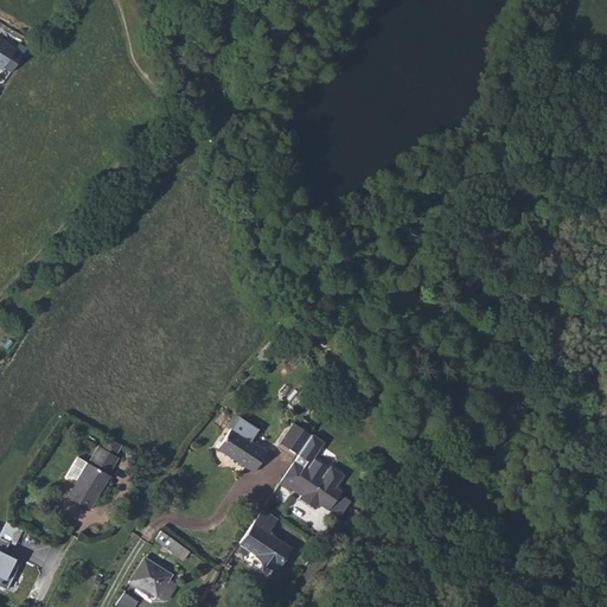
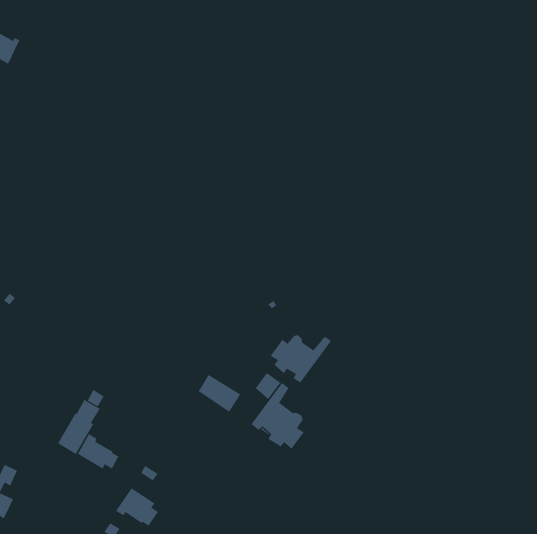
building: none -> [270,335,332,384]
building: none -> [77,433,119,469]
building: [239,506,289,567] -> none

